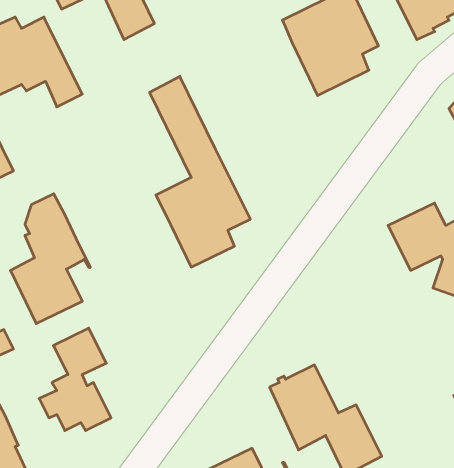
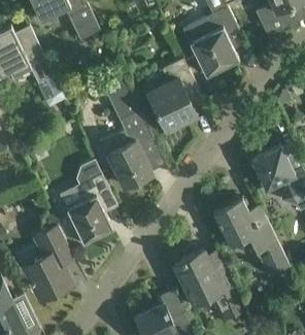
building: none -> [146,59,200,131]
building: [10,194,90,324] -> [66,160,117,243]
building: none -> [212,199,289,277]

